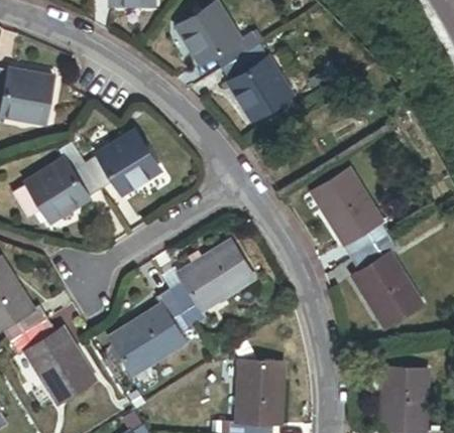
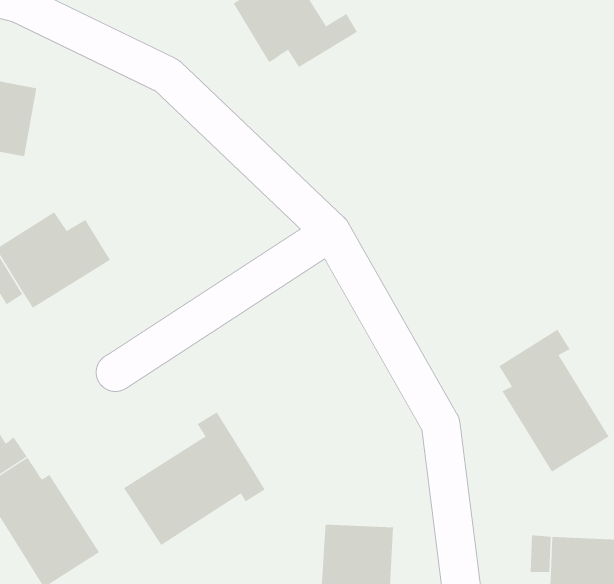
building: [222,43,292,118] -> none
building: [85,133,159,194] -> none
building: [313,168,389,259] -> none
building: [169,241,252,325] -> none

